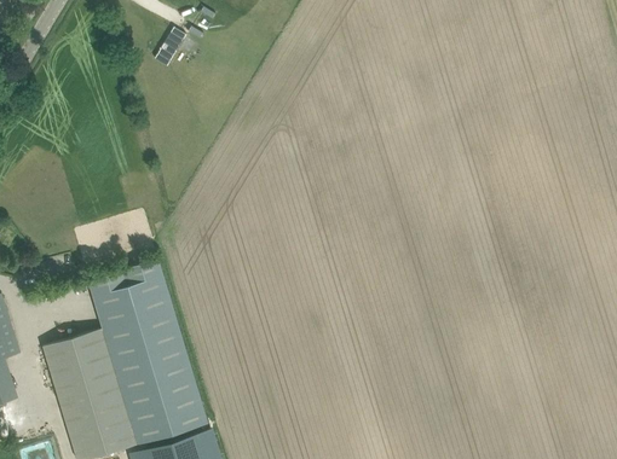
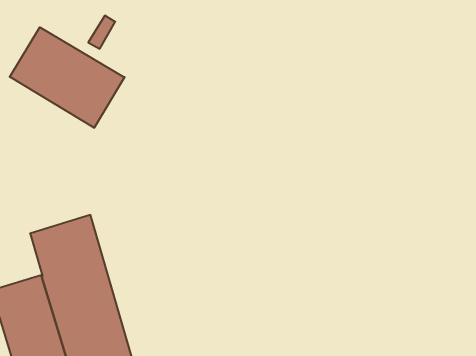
building: none -> [10,27,125,128]

